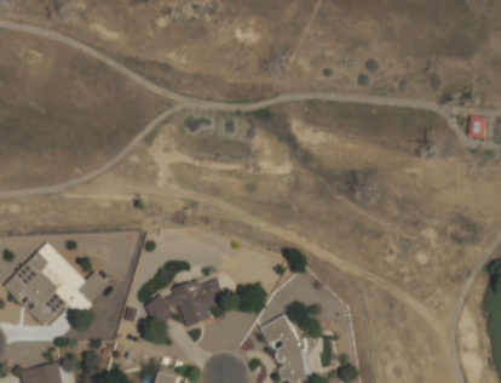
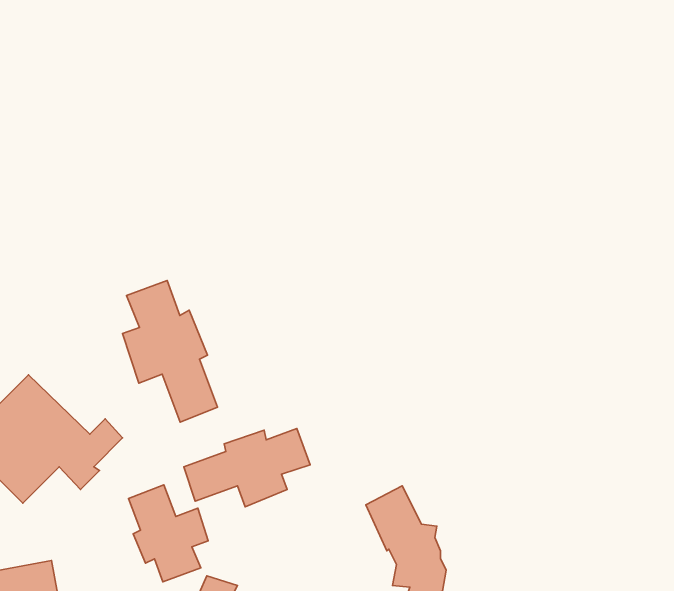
building: none -> [122,280,217,422]
building: none -> [129,485,208,582]

